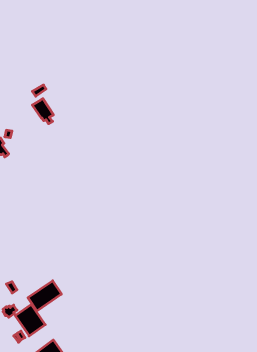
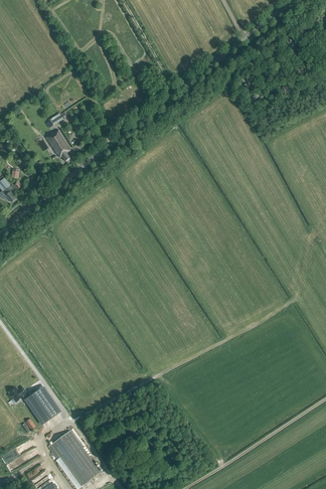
building: [28,281,61,311] -> none

